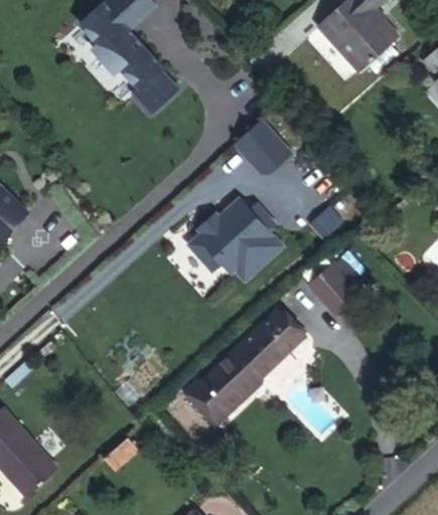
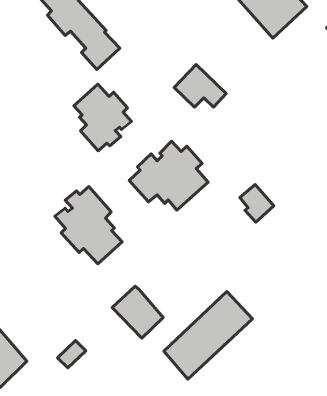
building: none -> [74,84,132,151]
building: none -> [55,187,122,264]
building: [198,306,303,409] -> [164,291,252,379]

